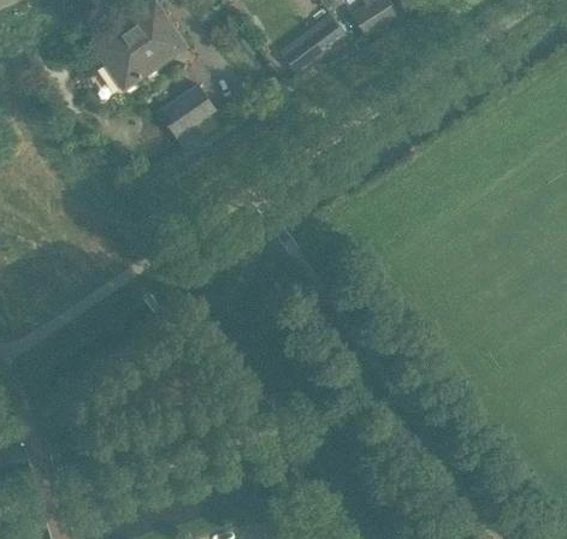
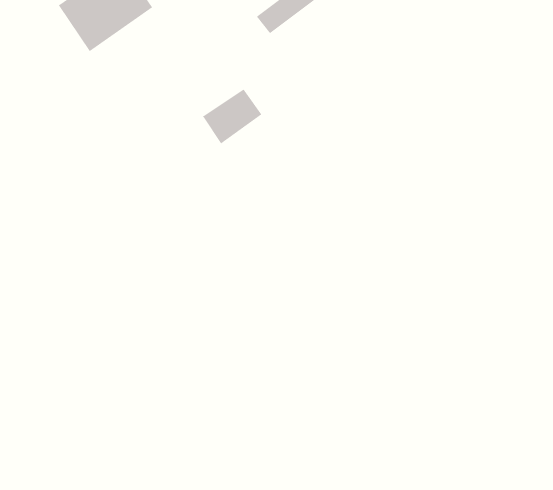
building: [159,84,217,137] -> [202,89,263,144]

